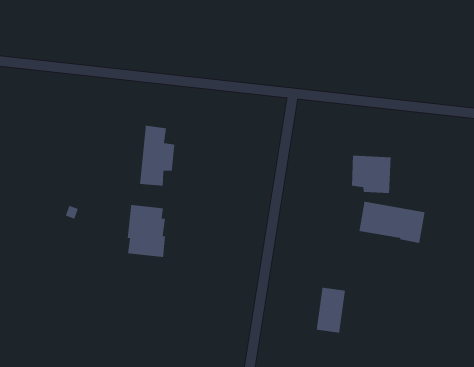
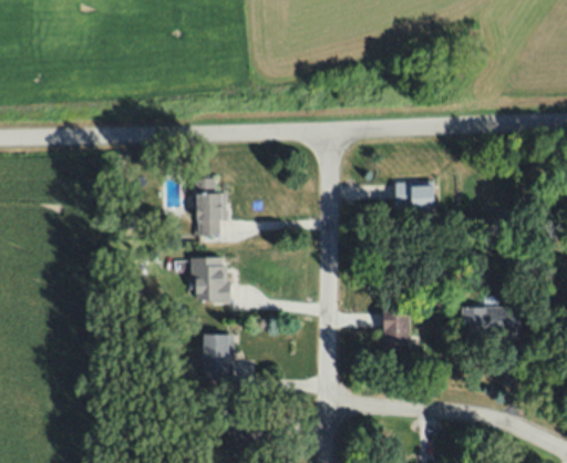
building: [358,201,425,244] -> [461,305,522,338]
building: none -> [205,335,235,382]

